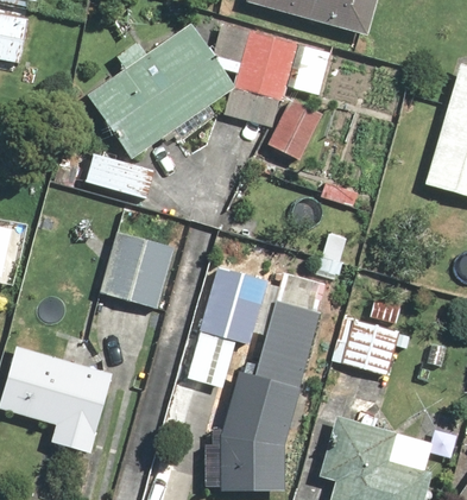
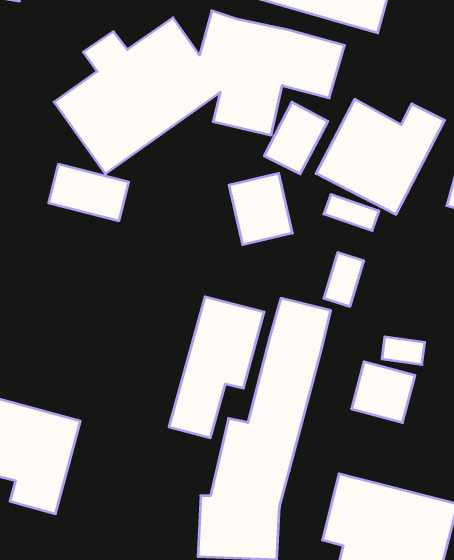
building: none -> [316,99,445,214]
building: none -> [229,173,292,245]
building: [102,229,175,309] -> none

